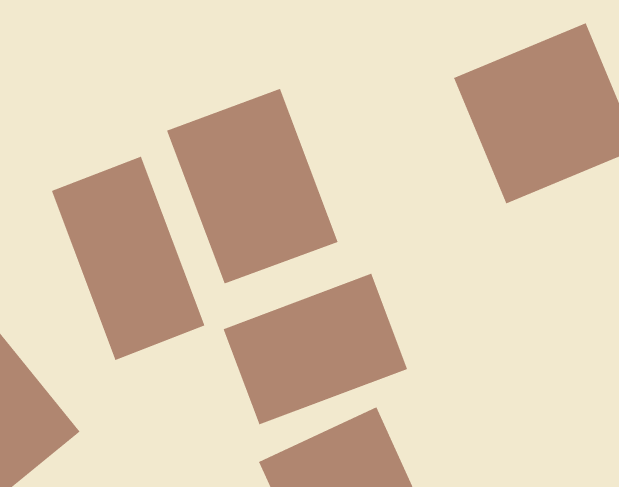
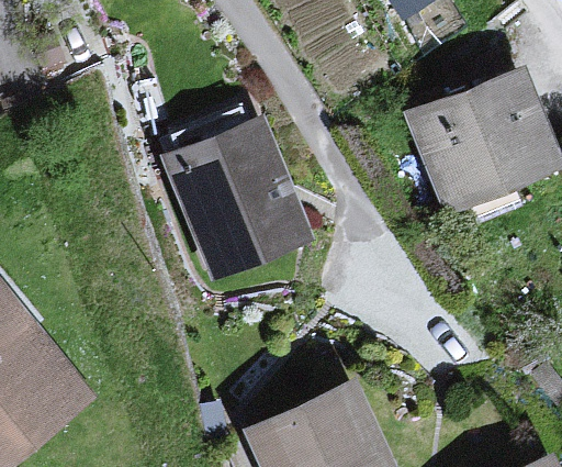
building: [51,156,205,361] -> none
building: [223,273,408,425] -> none

